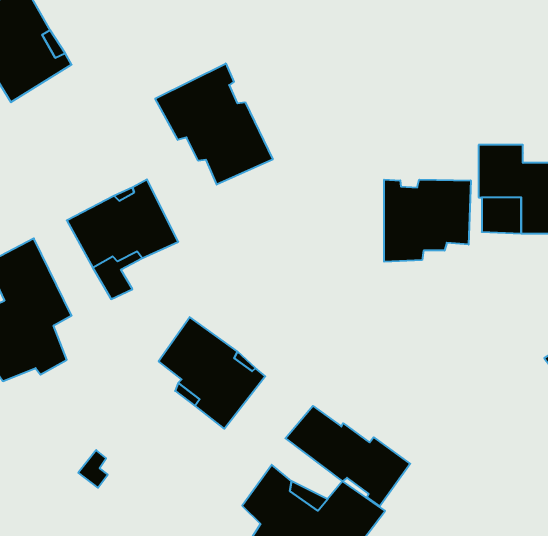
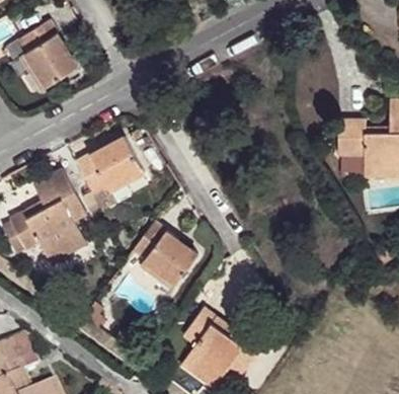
building: [155,63,273,185] -> none
building: [384,180,471,262] -> none
building: [285,406,410,506] -> none

